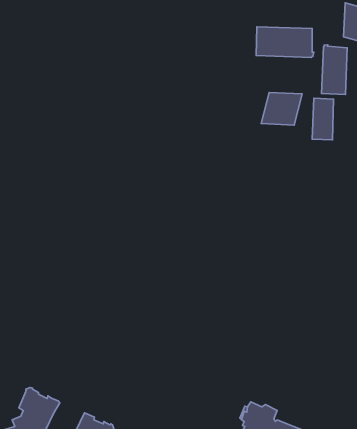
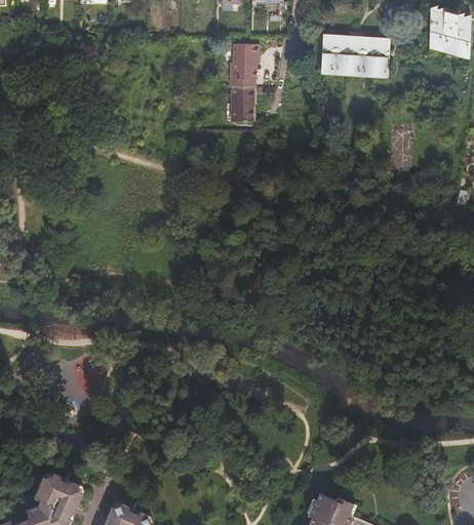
building: none -> [228,45,259,124]
building: [321,45,347,95] -> none
building: [261,93,302,125] -> none

